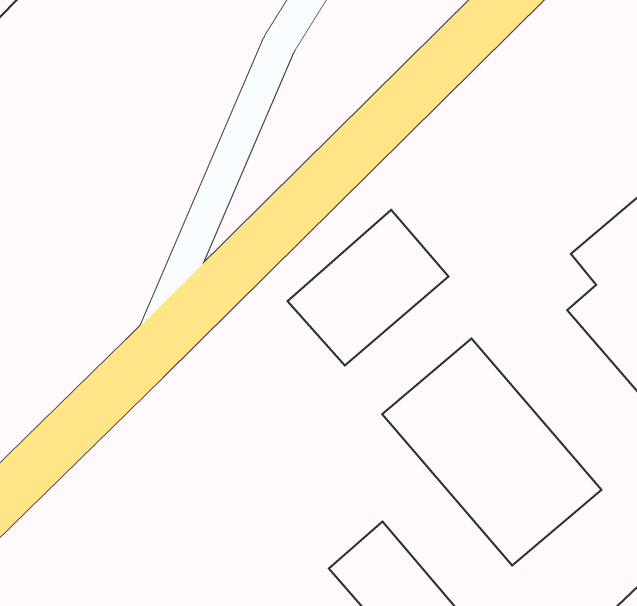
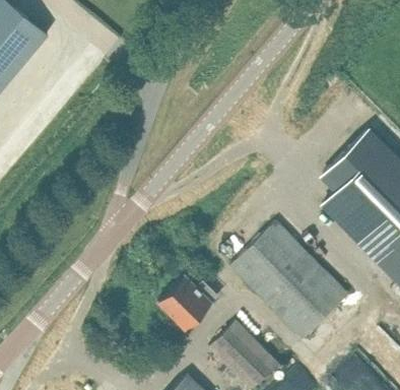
building: [287,210,448,366] -> none
building: none -> [157,276,216,329]

